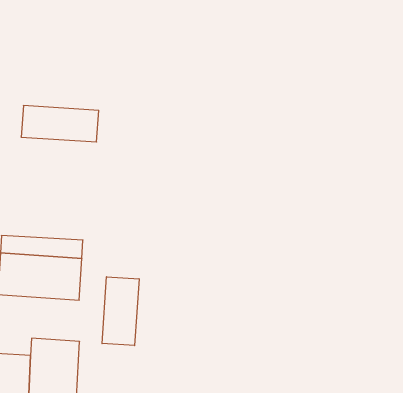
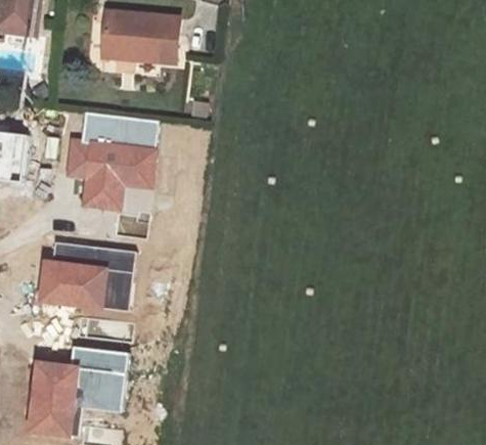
building: none -> [99,12,174,63]
building: none -> [72,144,153,213]
building: [102,277,139,346] -> none

